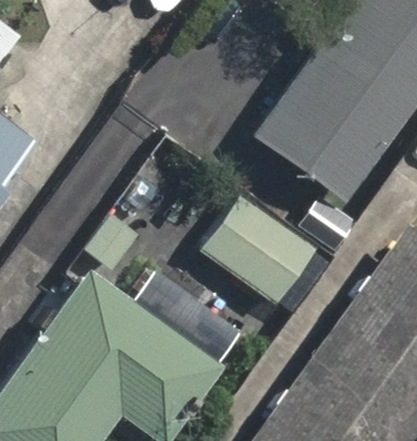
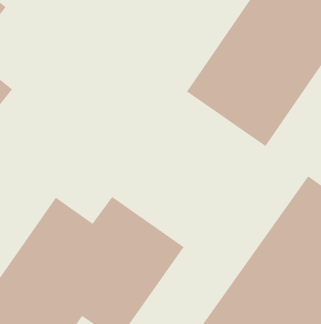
building: [197,192,318,305] -> none

